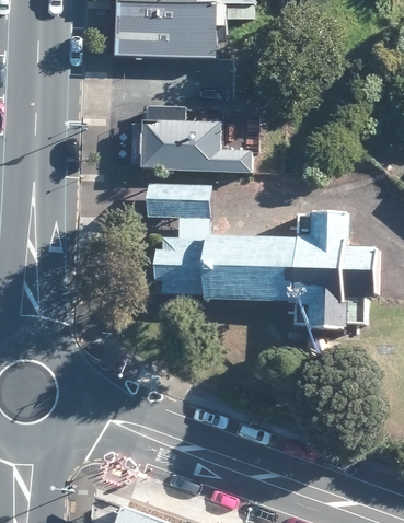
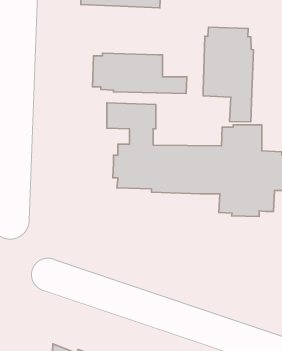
building: none -> [203,27,253,122]

